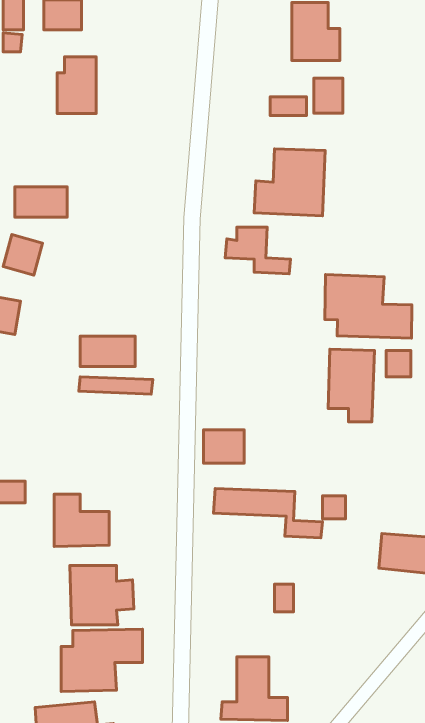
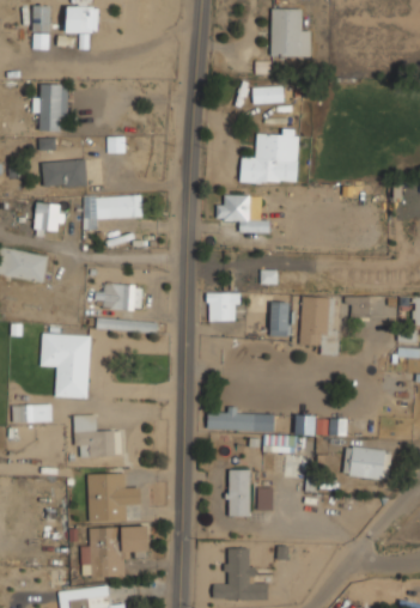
building: [57,57,96,114] -> [36,85,68,132]
building: [314,78,343,113] -> none
building: none -> [84,197,141,230]
building: [325,275,412,338] -> none
building: none -> [270,303,291,338]
building: none -> [41,334,91,399]
building: [204,430,244,463] -> [207,293,241,321]
building: none -> [227,469,250,517]

